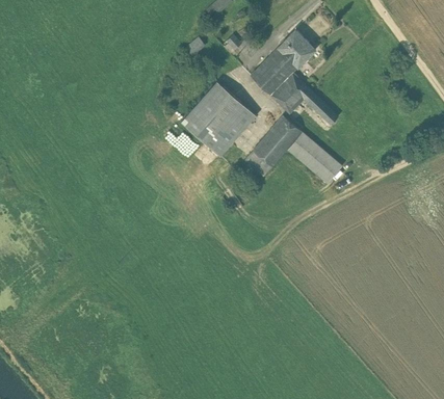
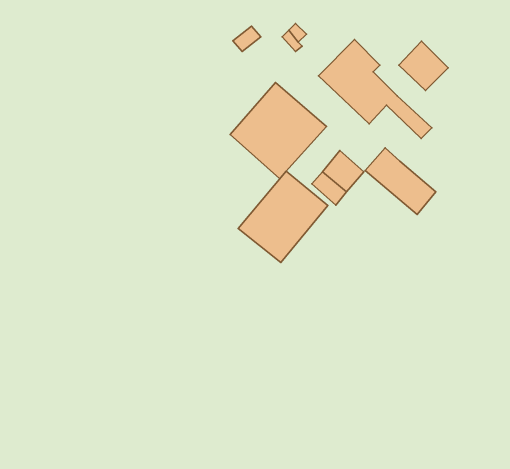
building: [277,29,315,68] -> [399,41,448,90]
building: [266,115,302,151] -> none
building: none -> [238,171,328,263]

